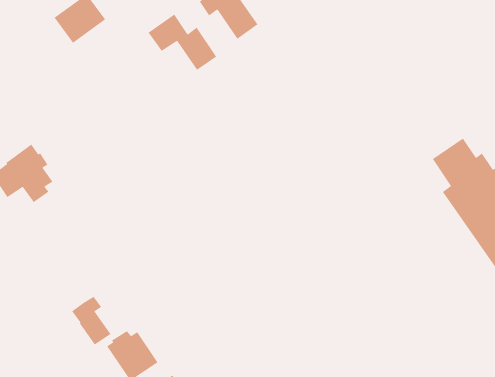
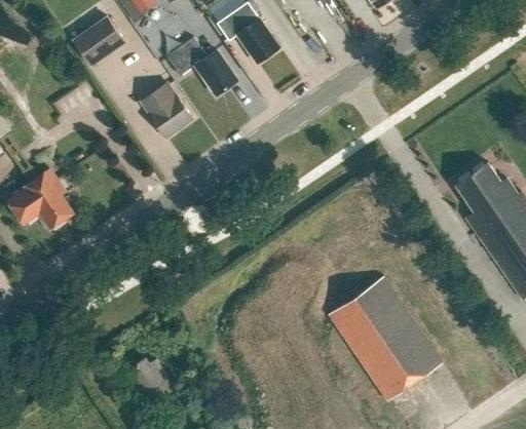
building: none -> [147,82,192,135]
building: none -> [329,276,442,398]
building: [71,296,111,346] -> none

